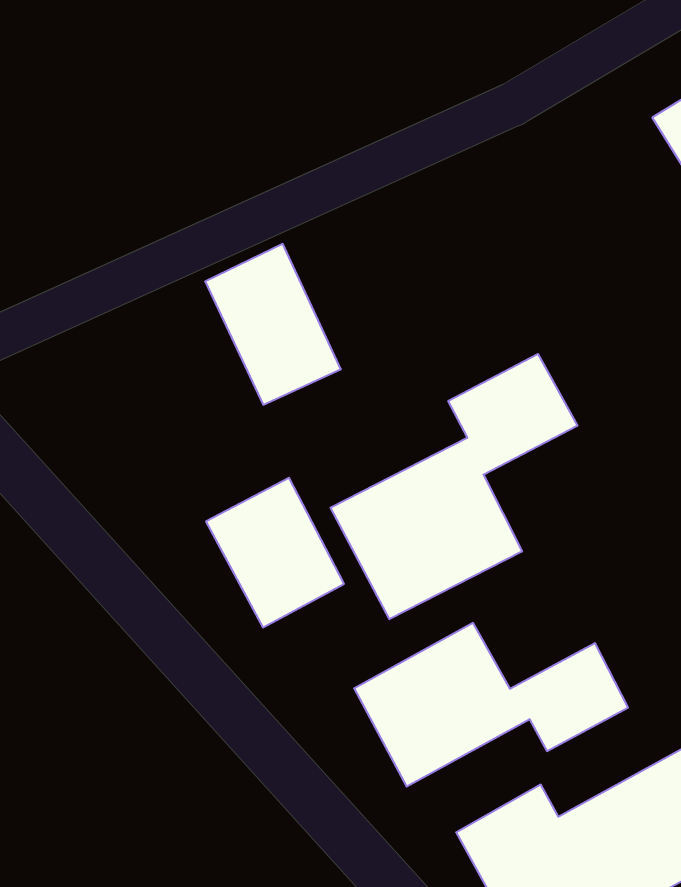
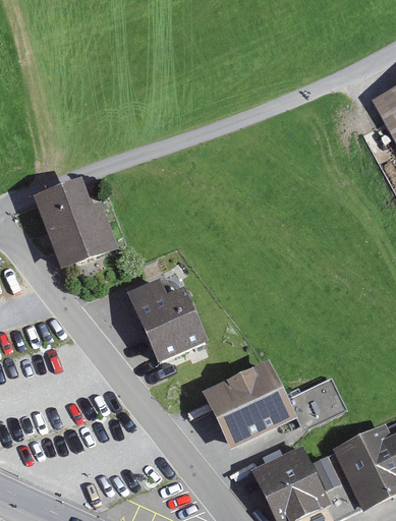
building: [205,244,341,405] -> [41,186,109,270]
building: [331,354,577,619] -> none

